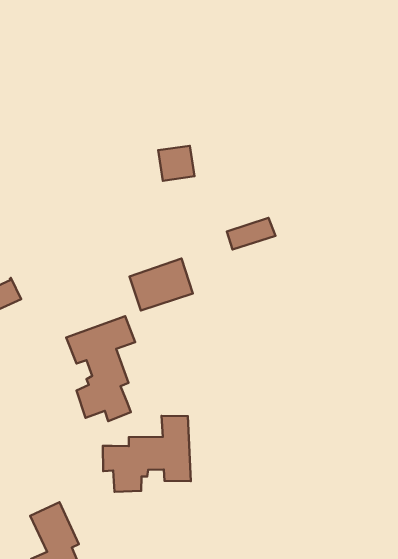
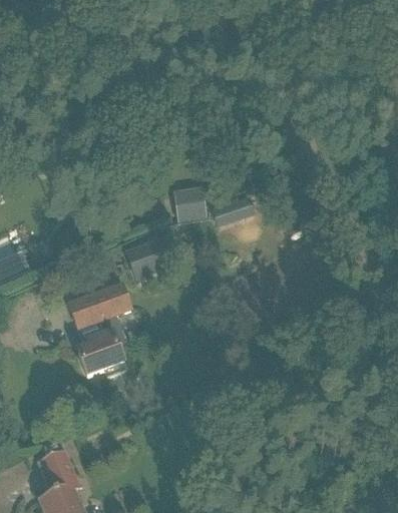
building: [158,146,194,181] -> [173,188,206,219]
building: [103,416,191,492] -> none

